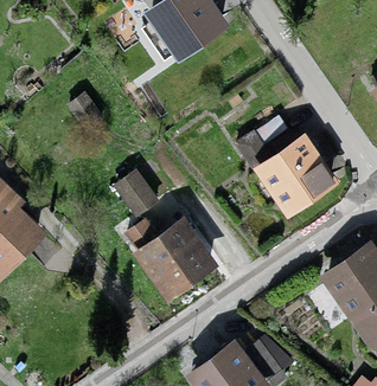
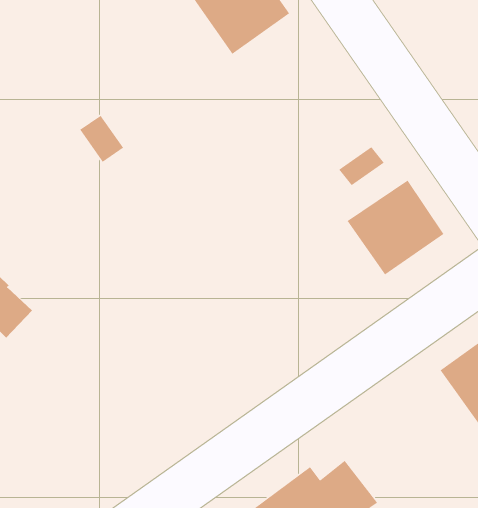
building: [116,172,172,214] -> none
building: [127,220,210,291] -> none

